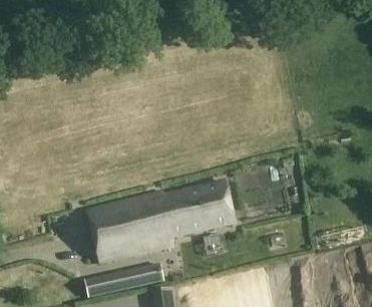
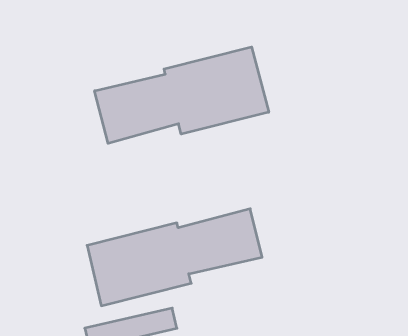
building: none -> [95,47,269,143]

